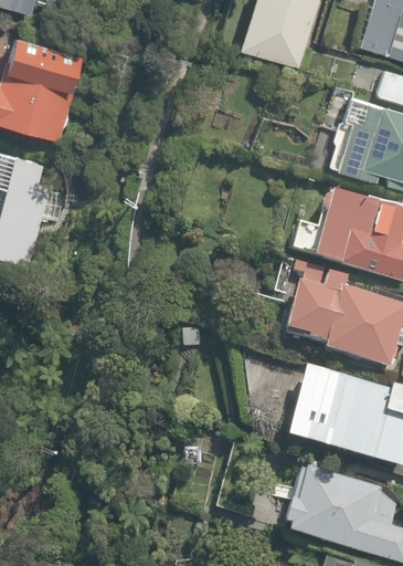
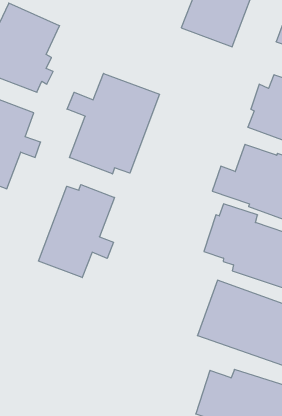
building: none -> [67,73,159,174]
building: none -> [39,185,114,278]

